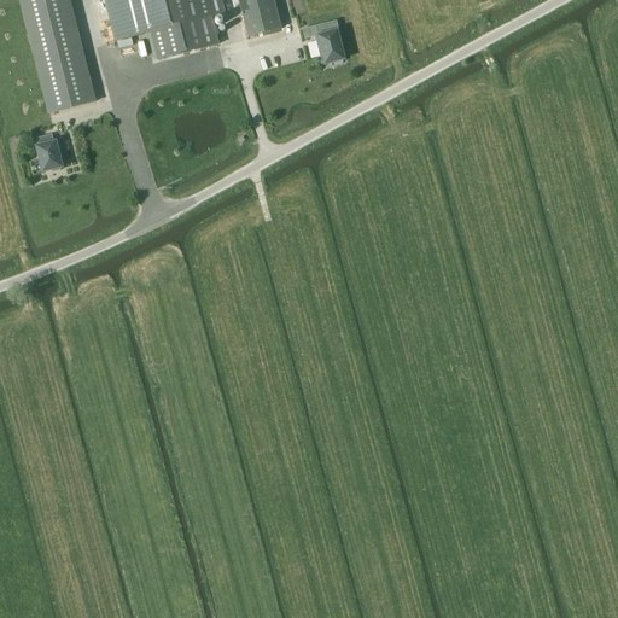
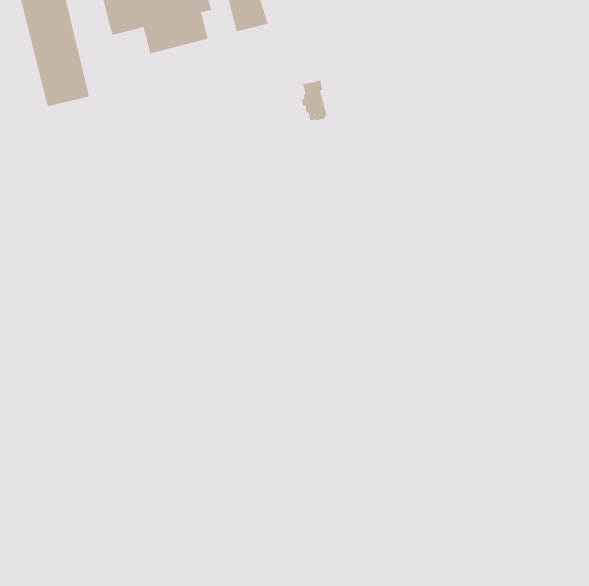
building: [316,18,344,62] -> [301,80,328,121]
building: [36,132,62,169] -> none

